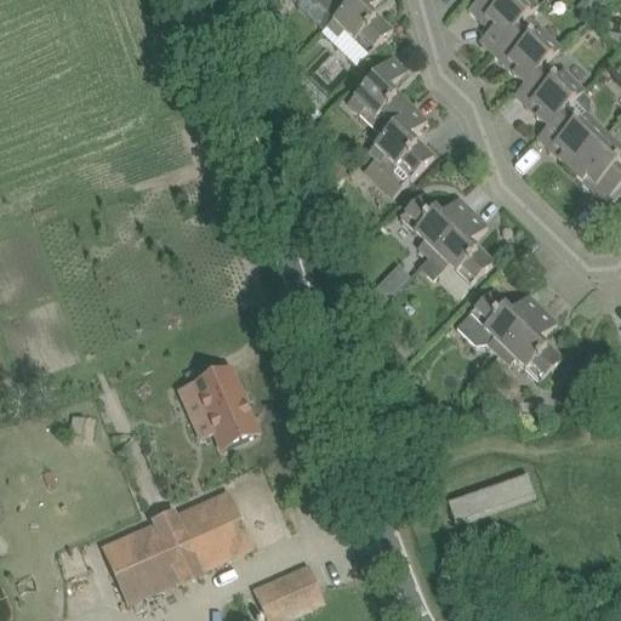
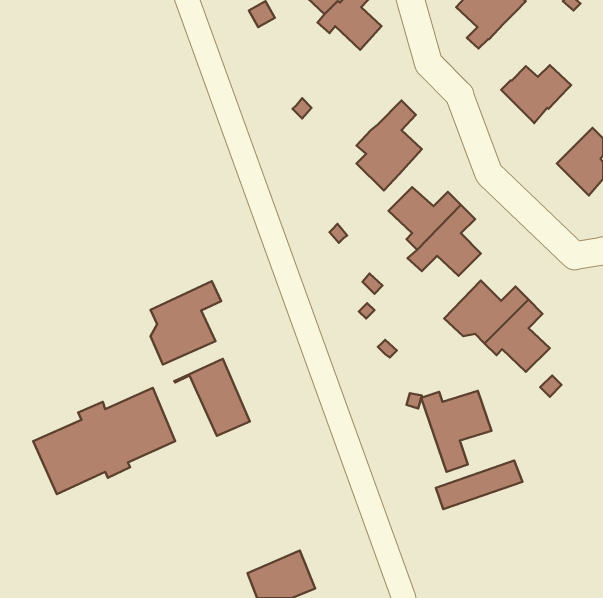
building: [490,12,562,82] -> none
building: [346,55,411,133] -> none
building: [536,91,606,167] -> none
building: none -> [150,281,221,364]
building: none -> [421,391,491,472]
building: [103,492,249,602] -> [33,388,175,494]

